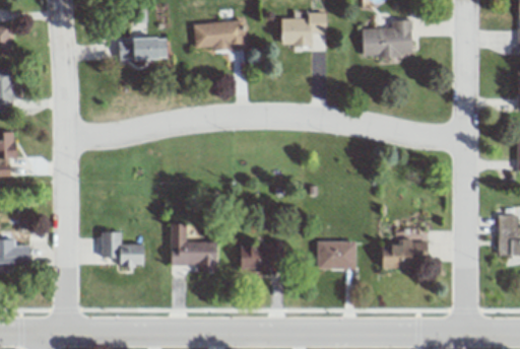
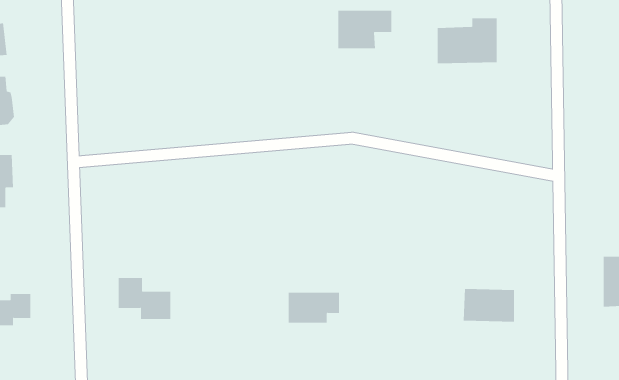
building: [194,18,245,52] -> none
building: [118,36,166,60] -> none
building: [170,224,217,272] -> none
building: [317,241,356,269] -> none

